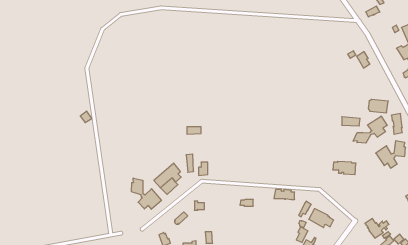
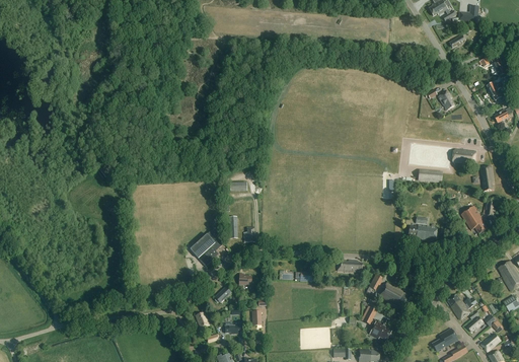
building: [353,116,387,143] -> none
building: [131,178,161,209] -> none

